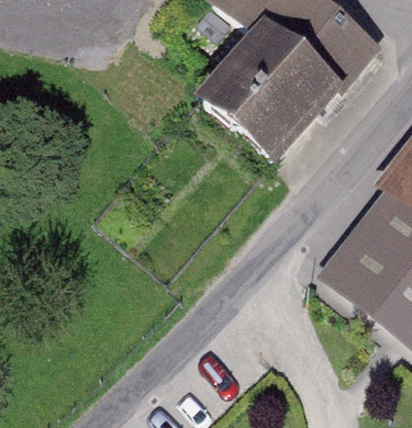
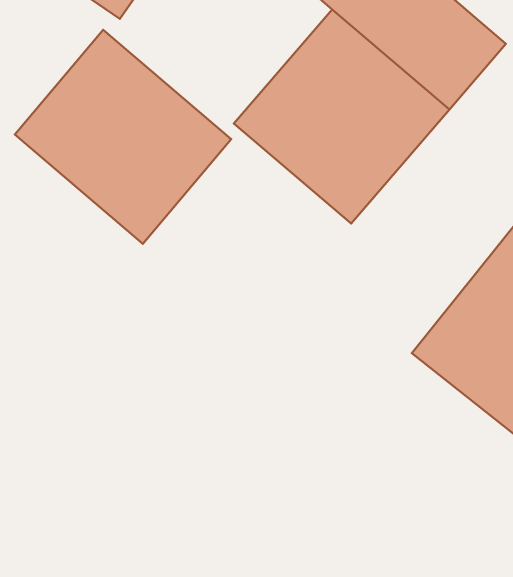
building: none -> [15,30,231,244]

